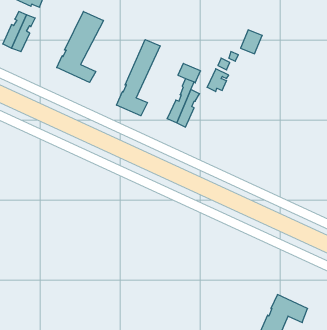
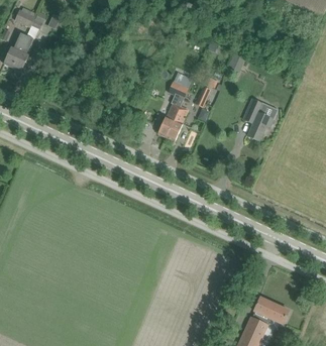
building: [57,11,103,82] -> none
building: [117,40,160,116] -> none
building: none -> [243,99,274,140]

